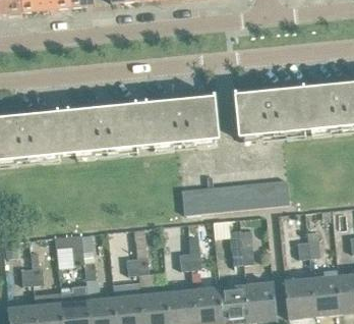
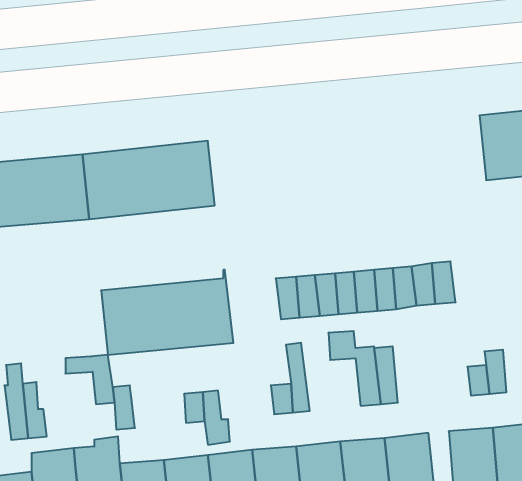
building: [235,91,307,136] -> none
building: [140,94,220,145] -> [101,270,233,355]

